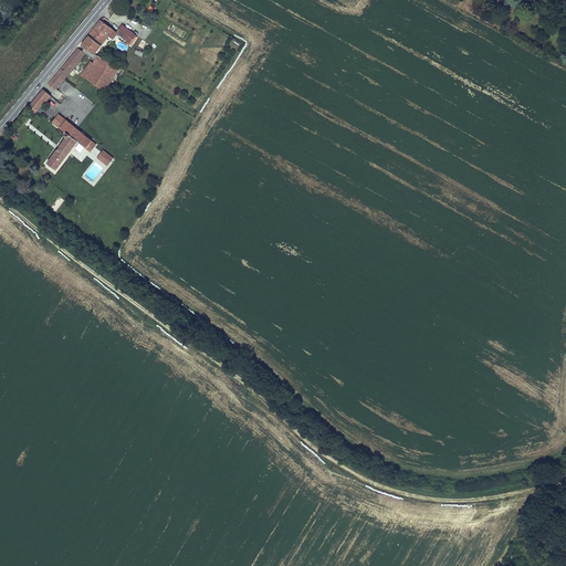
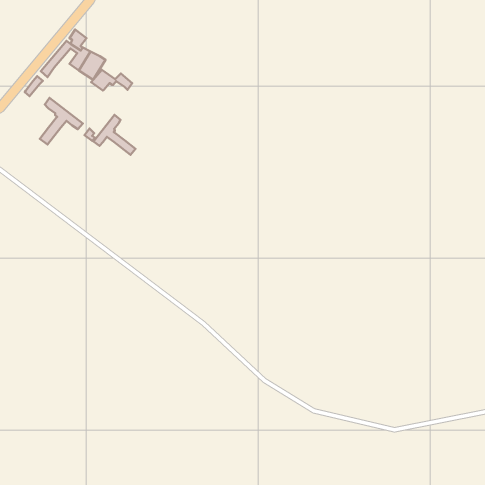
building: [87,20,135,44] -> [91,70,132,91]
building: none -> [94,115,135,155]

